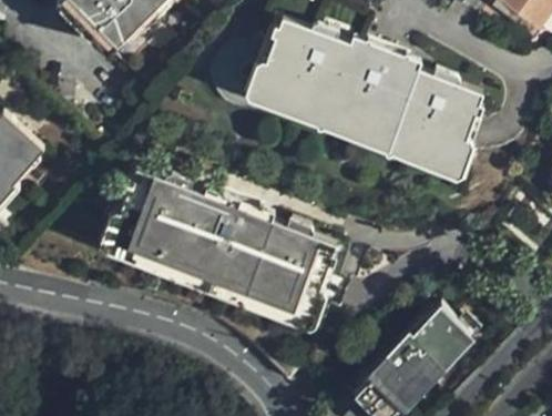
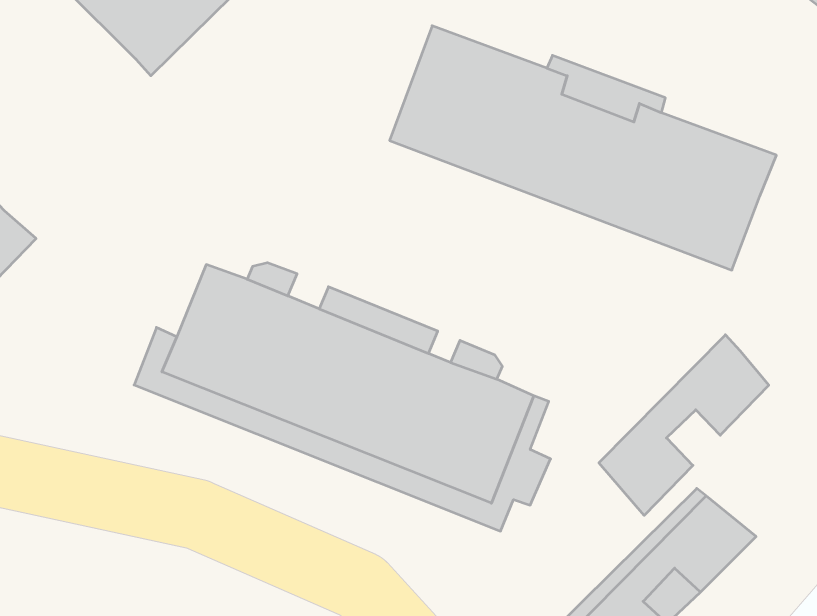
building: [241,20,487,184] -> none
building: none -> [599,335,769,515]

